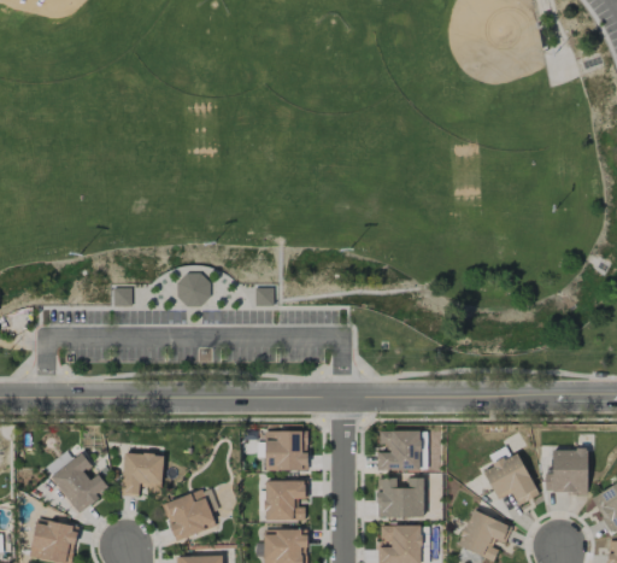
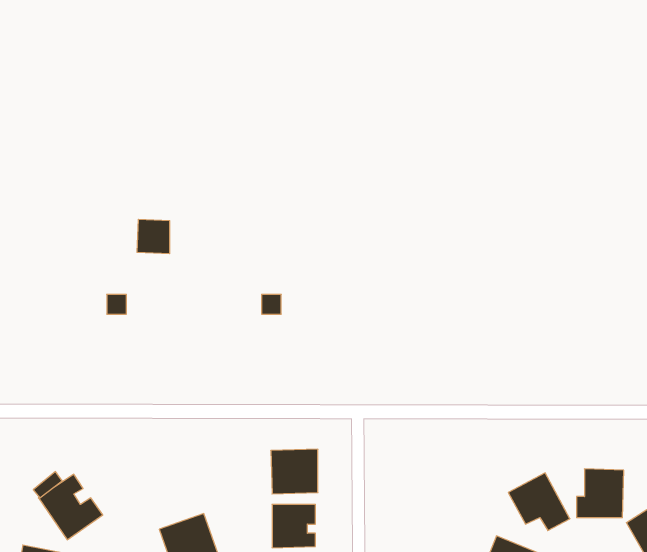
building: [180,274,210,305] -> [137,219,170,254]
building: [378,430,422,471] -> none
building: [122,452,164,497] -> none
building: [378,477,425,517] -> none

